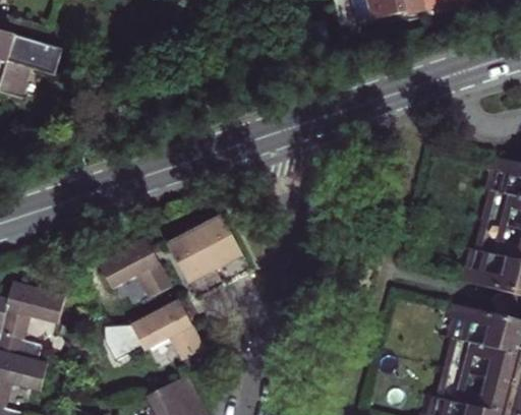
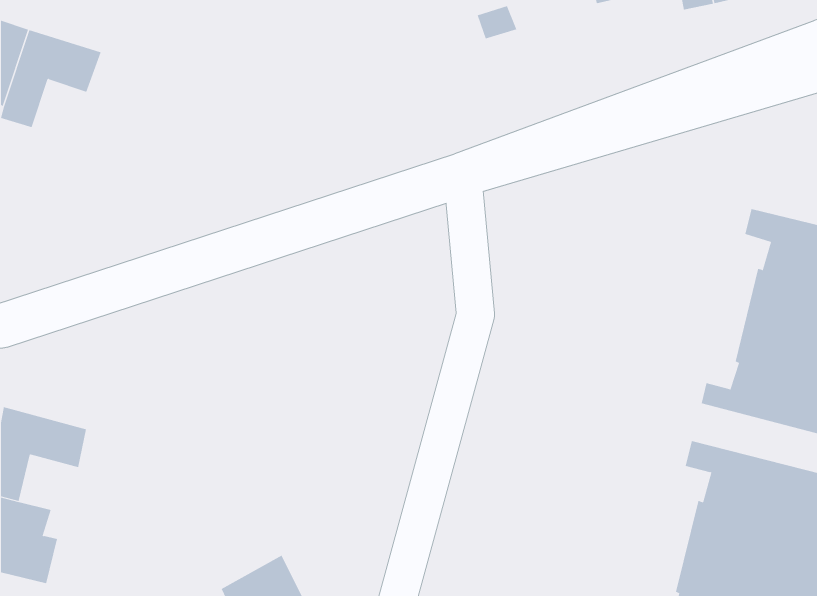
building: [161,214,244,297] -> none
building: [92,233,165,294] -> none
building: [98,297,198,357] -> none

